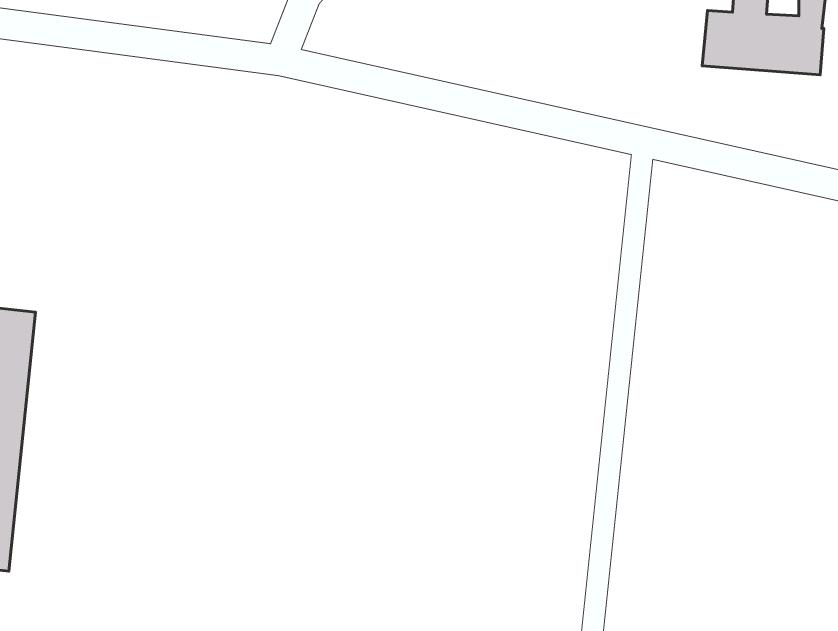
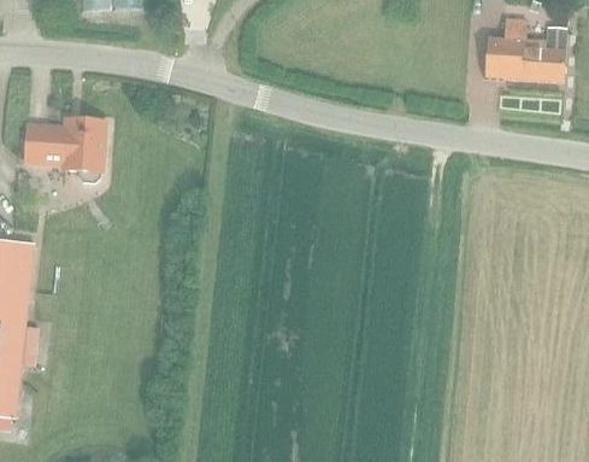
building: none -> [24,119,105,182]

